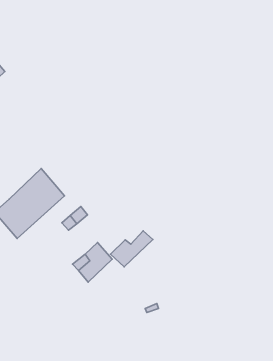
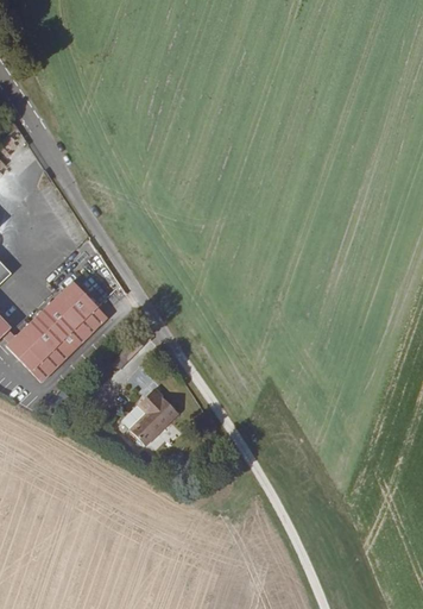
building: [111,231,153,267] -> none

